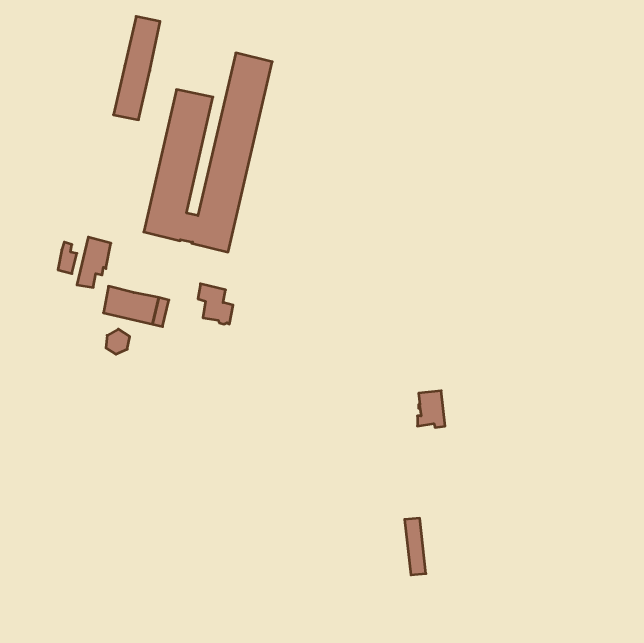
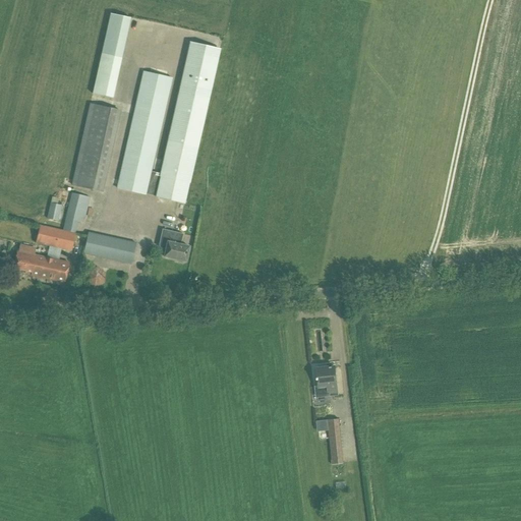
building: none -> [71,103,120,191]
building: none -> [35,225,75,250]
building: none -> [13,250,68,282]
building: [417,391,445,427] -> [315,364,338,394]

